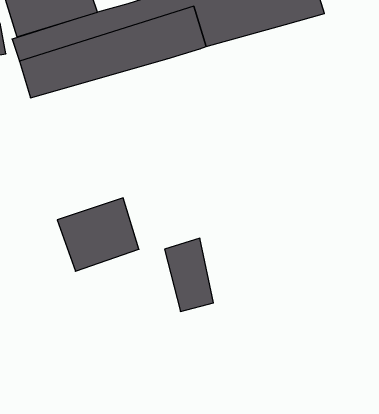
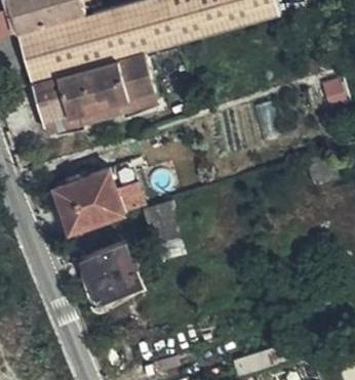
building: none -> [29,50,155,127]
building: none -> [82,240,142,301]

